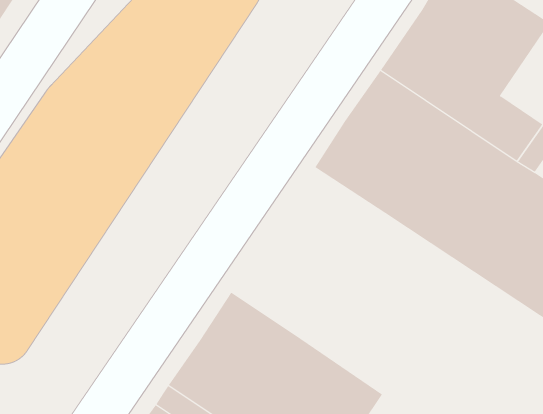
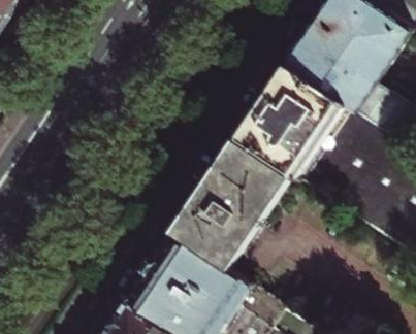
building: none -> [174,136,291,265]

